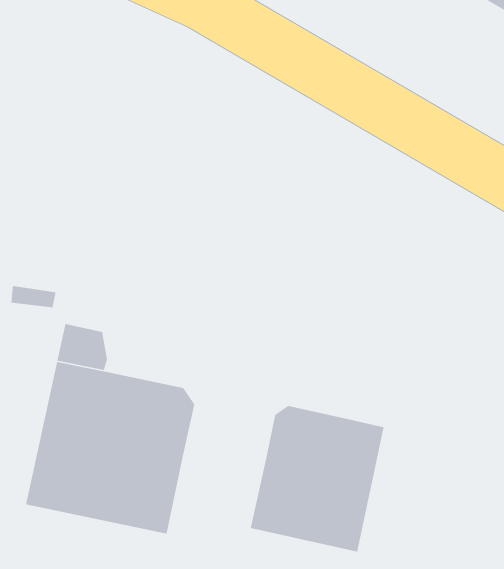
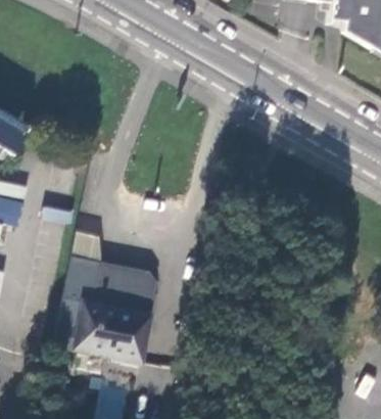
building: [250,405,385,552] -> none

